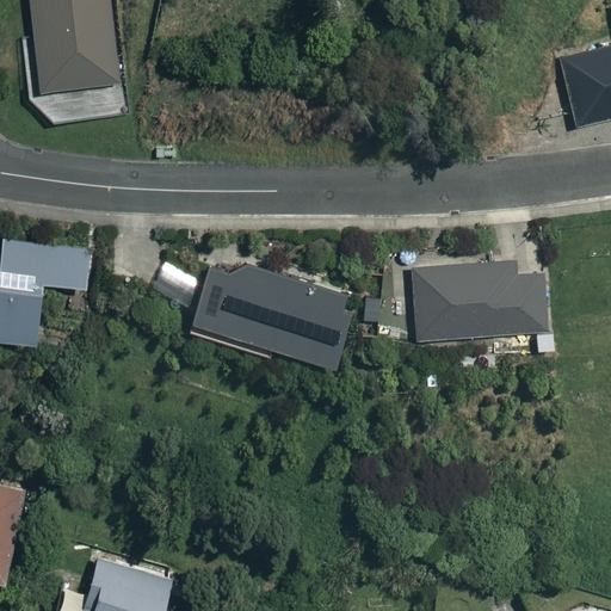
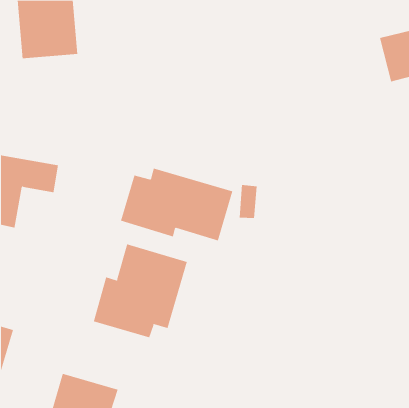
building: [409,263,543,341] -> none
building: none -> [93,244,188,338]

